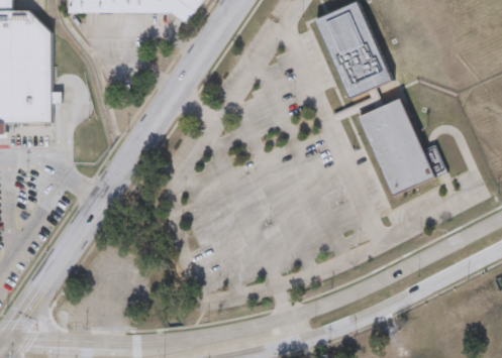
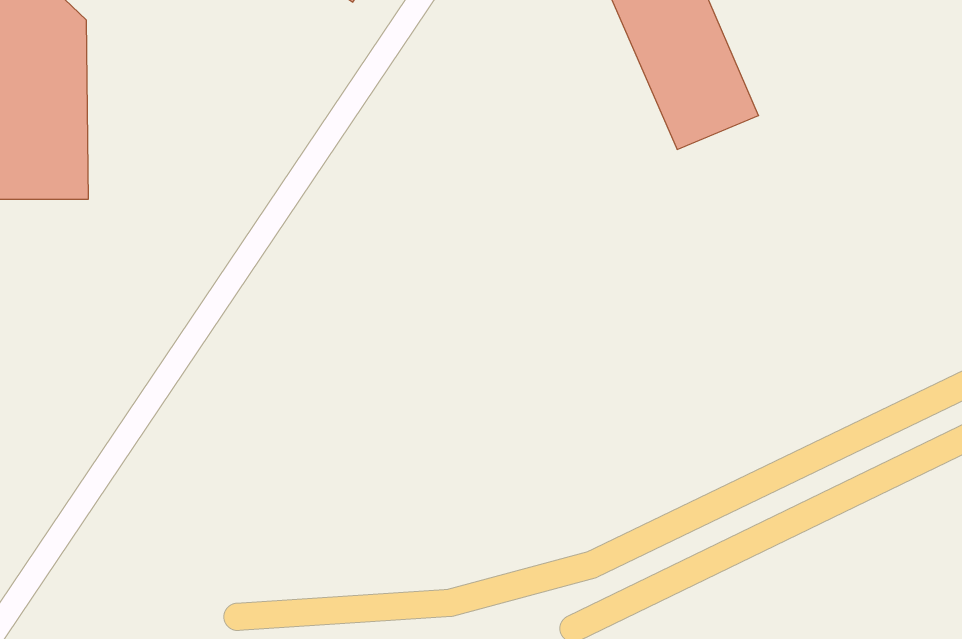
building: [359,101,434,195] -> none

